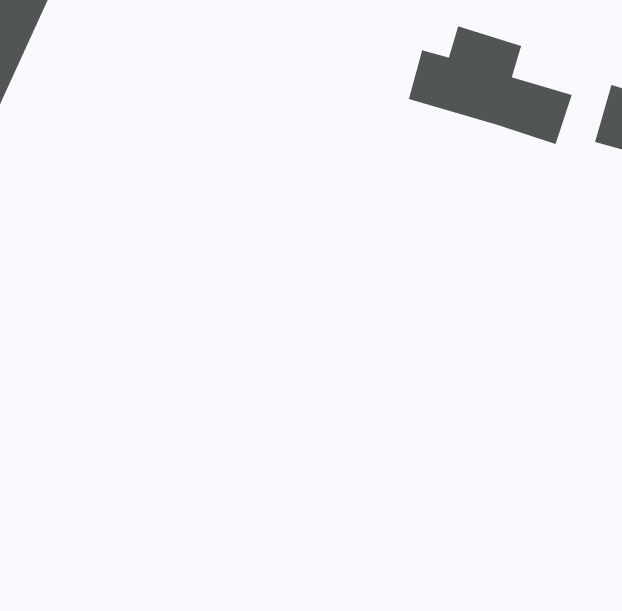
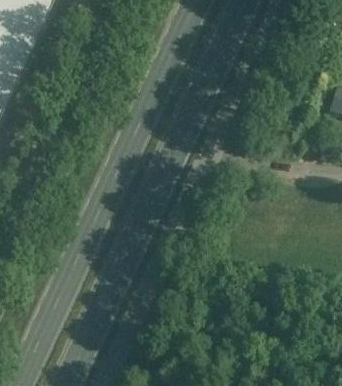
building: [408,25,572,145] -> none

